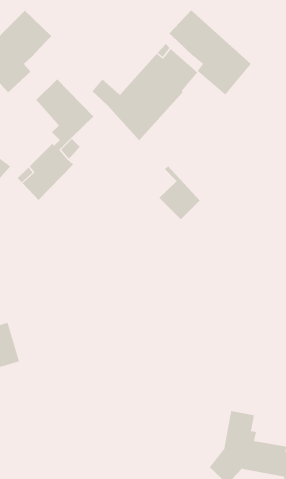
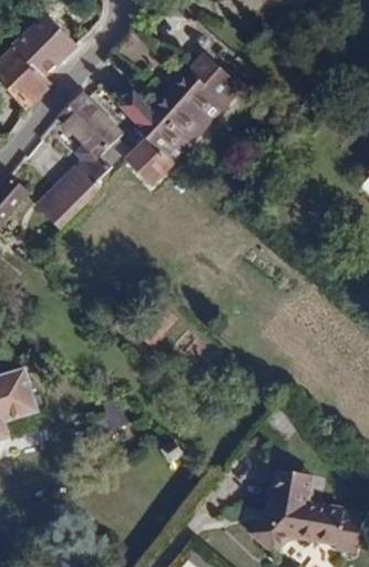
building: [168,10,251,95] -> none
building: [158,165,200,220] -> [126,123,174,185]

